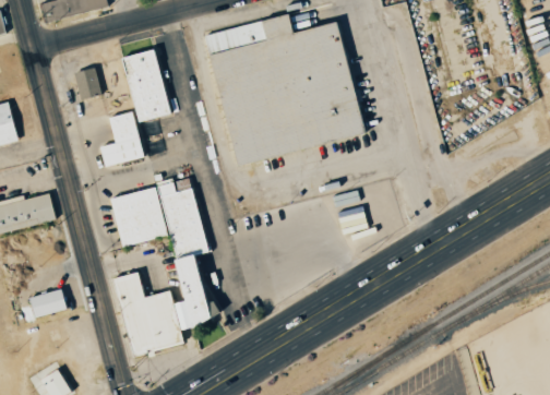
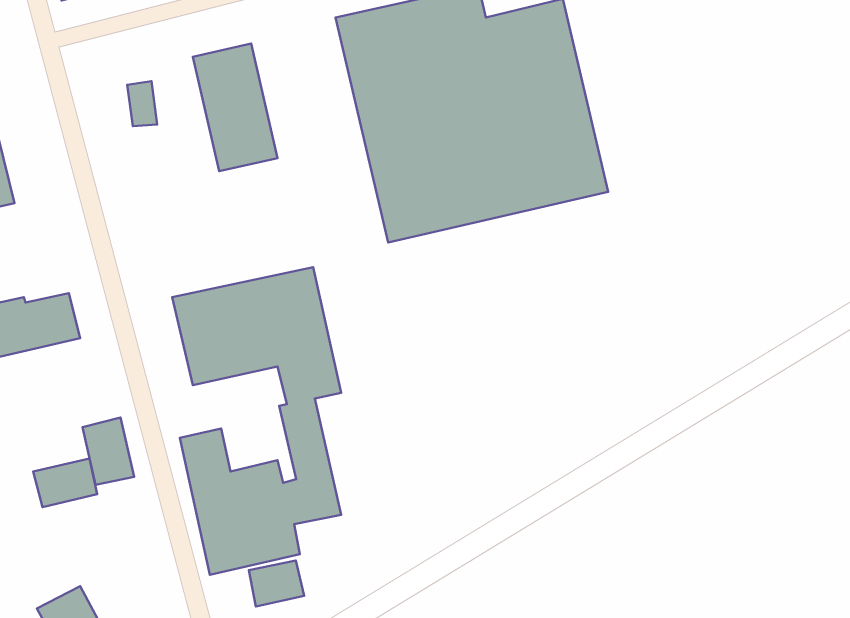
building: [99,110,144,167] -> none
building: none -> [82,418,134,485]
building: none -> [249,560,304,606]

